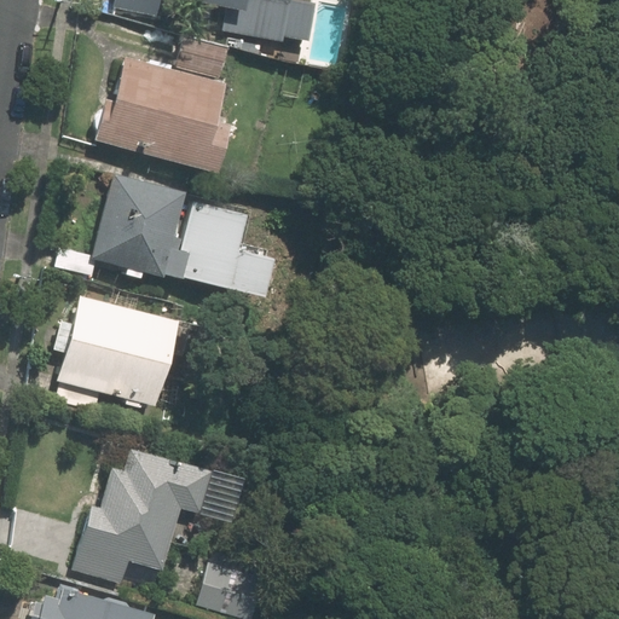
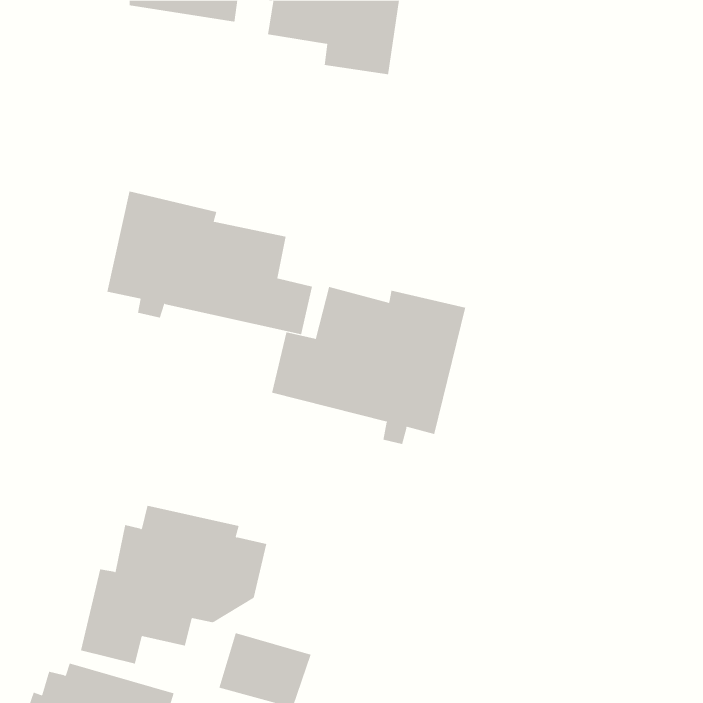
building: [94,37,235,172] -> none
building: none -> [271,286,466,445]
building: [52,294,179,406] -> none

